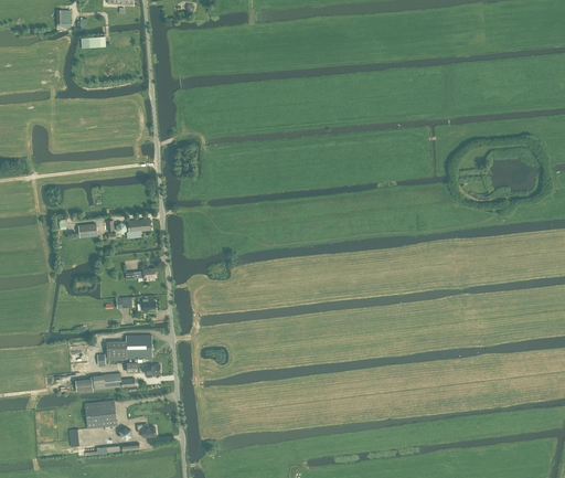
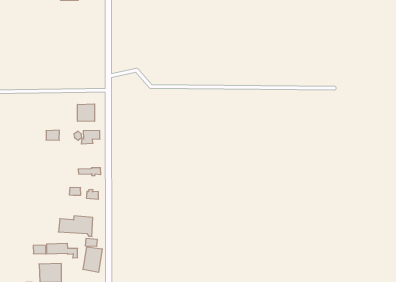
building: none -> [78,104,95,121]
building: none -> [83,247,102,272]

